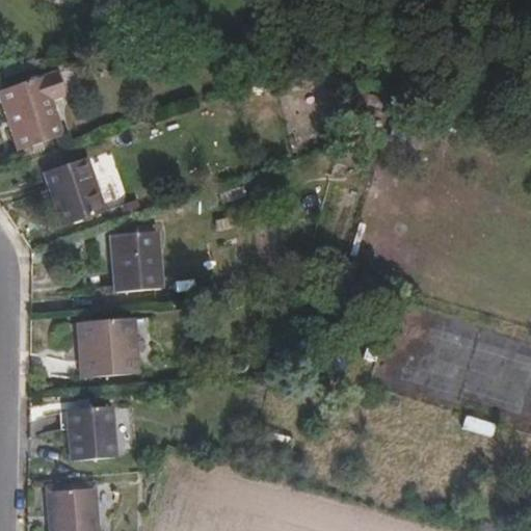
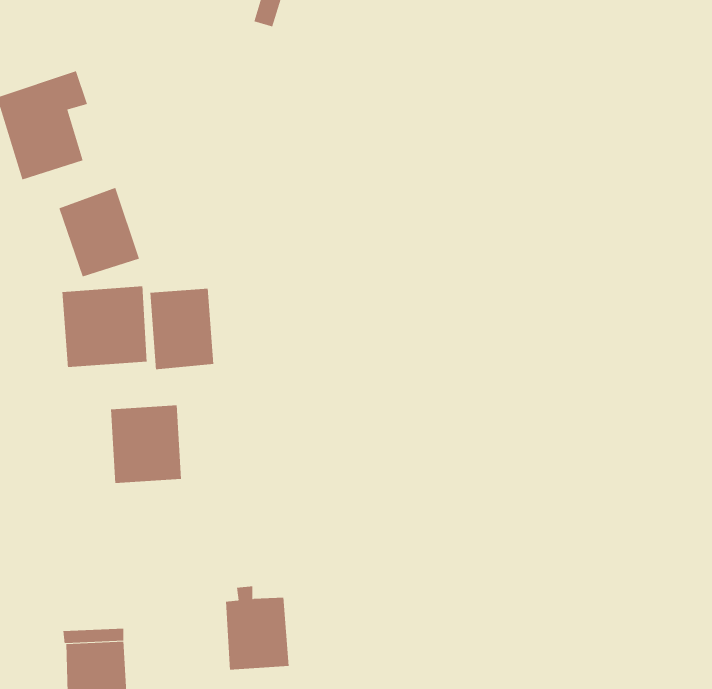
building: none -> [62,286,147,368]
building: [70,399,117,461] -> [225,586,290,670]

